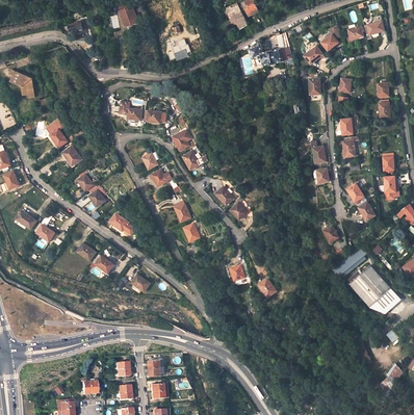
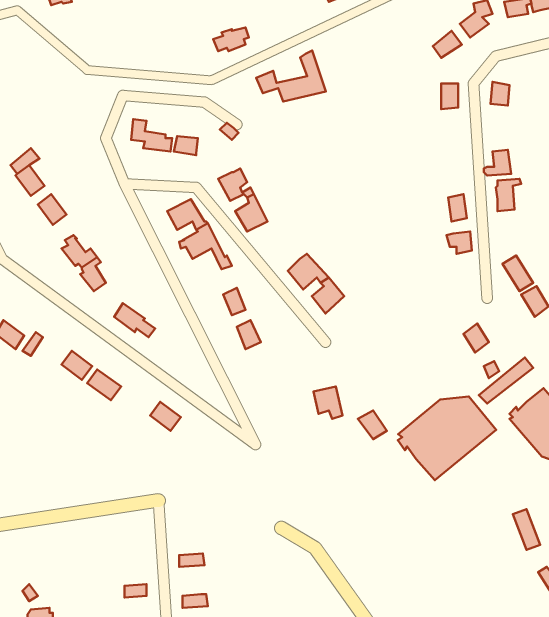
building: [249,32,291,63] -> [256,51,326,102]
building: none -> [398,396,496,480]

